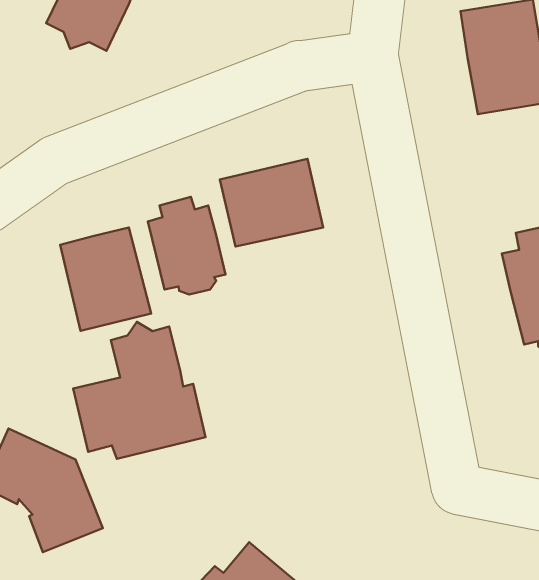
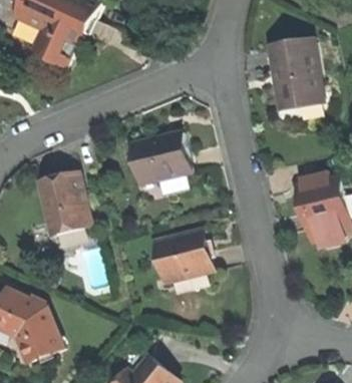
building: [148,197,225,294] -> none
building: [73,322,206,459] -> none
building: none -> [156,230,213,282]

